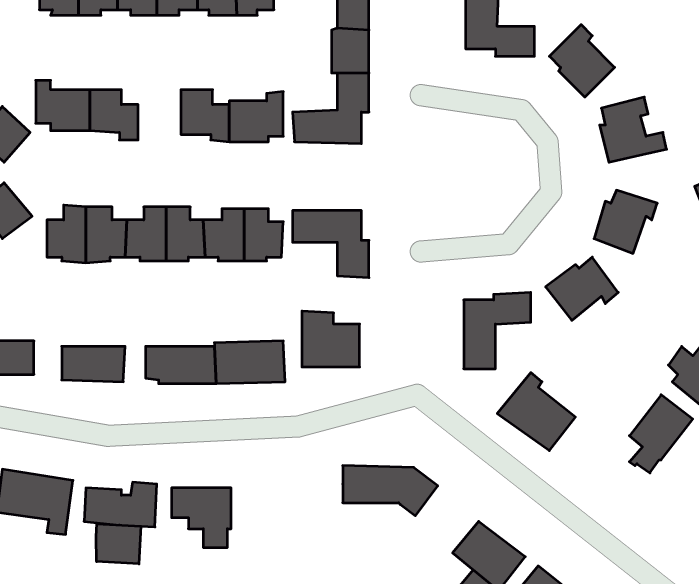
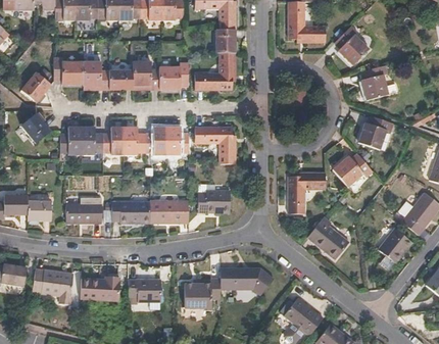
building: none -> [108,69,132,89]
building: none -> [183,278,221,308]
building: [96,524,141,564] -> none

